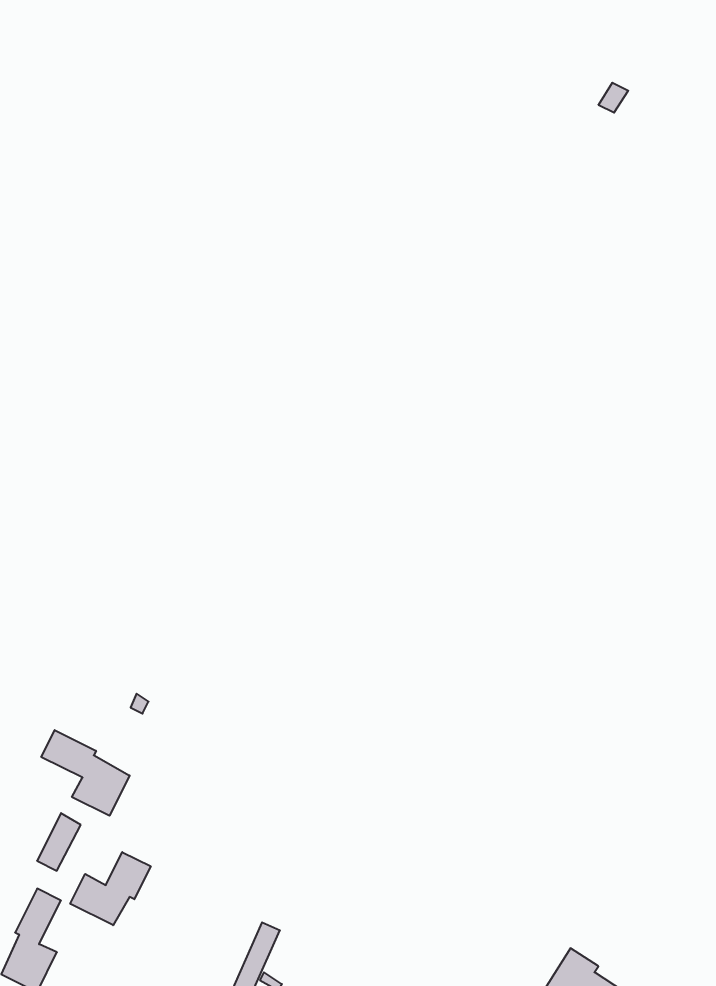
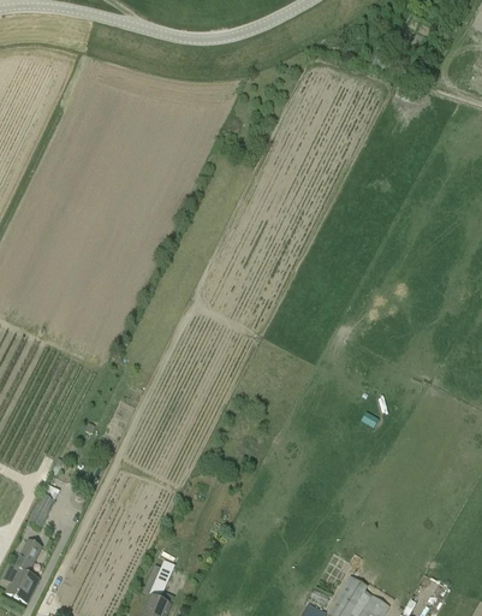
building: [41,730,130,816] -> none
building: [70,852,151,925] -> none

